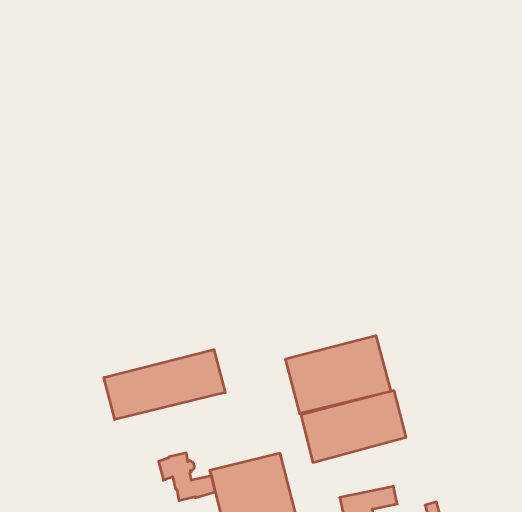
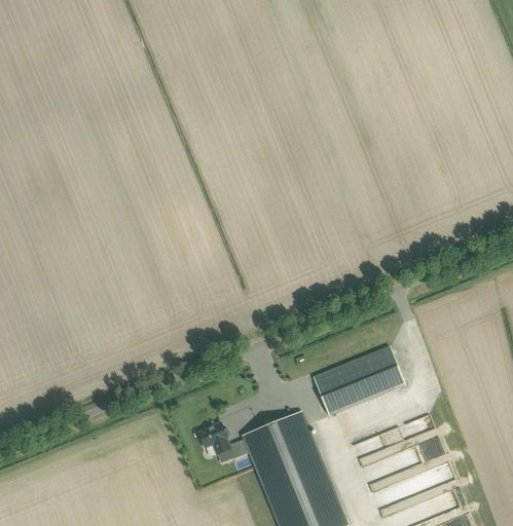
building: [286,336,391,414] -> none
building: [104,350,225,420] -> none

